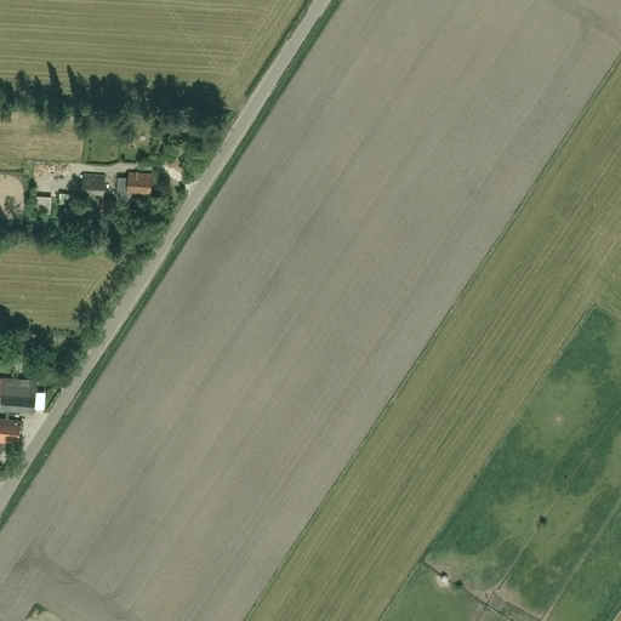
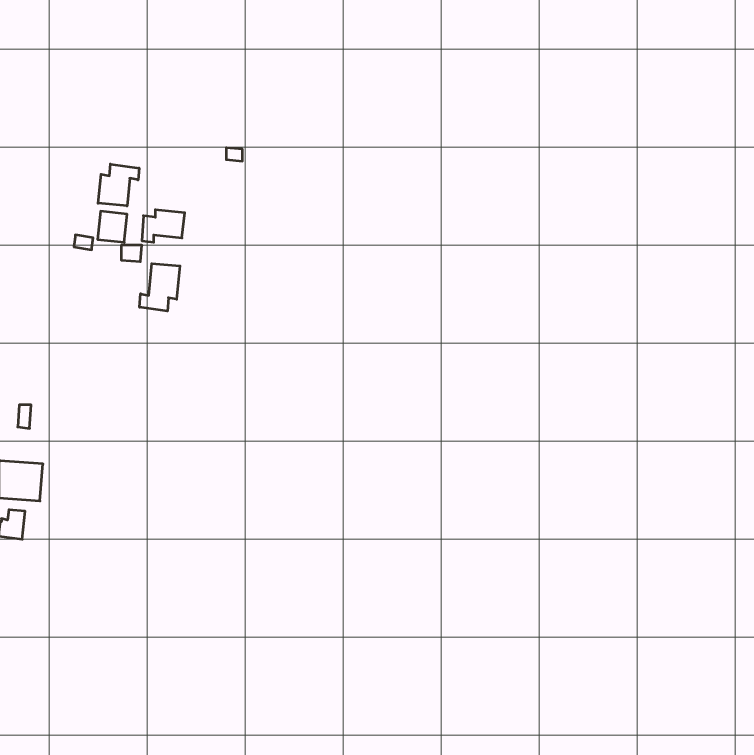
building: none -> [98,164,139,206]
building: none -> [140,264,180,311]

